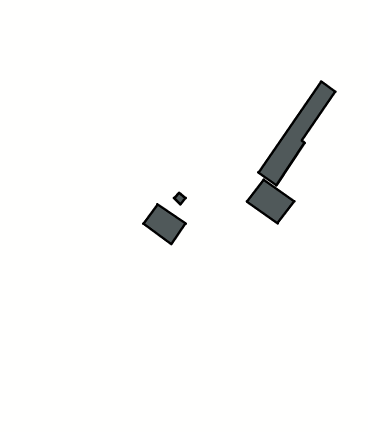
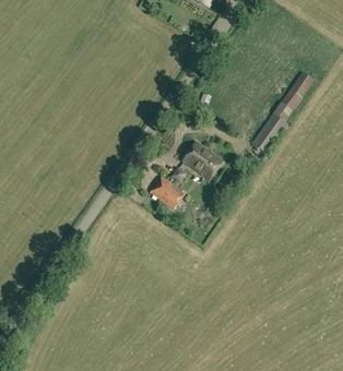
building: [247,180,294,223] -> [182,142,223,179]

